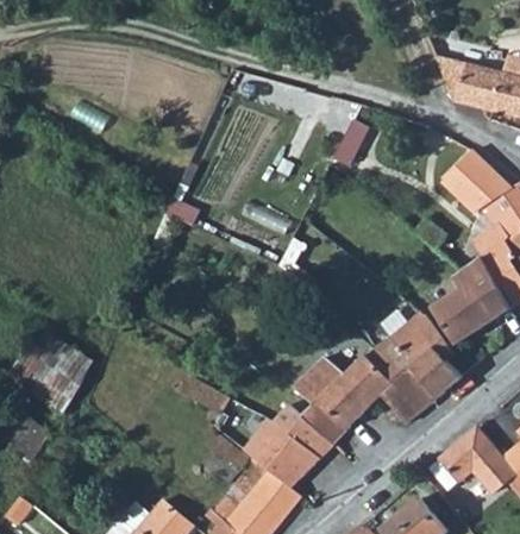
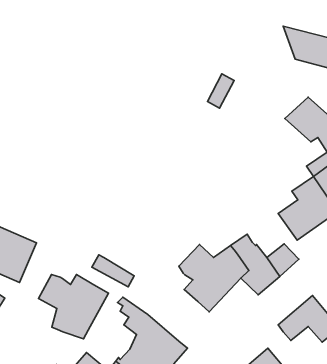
building: [387,315,445,372] -> none
building: none -> [39,275,108,339]
building: [250,406,334,488] -> none

